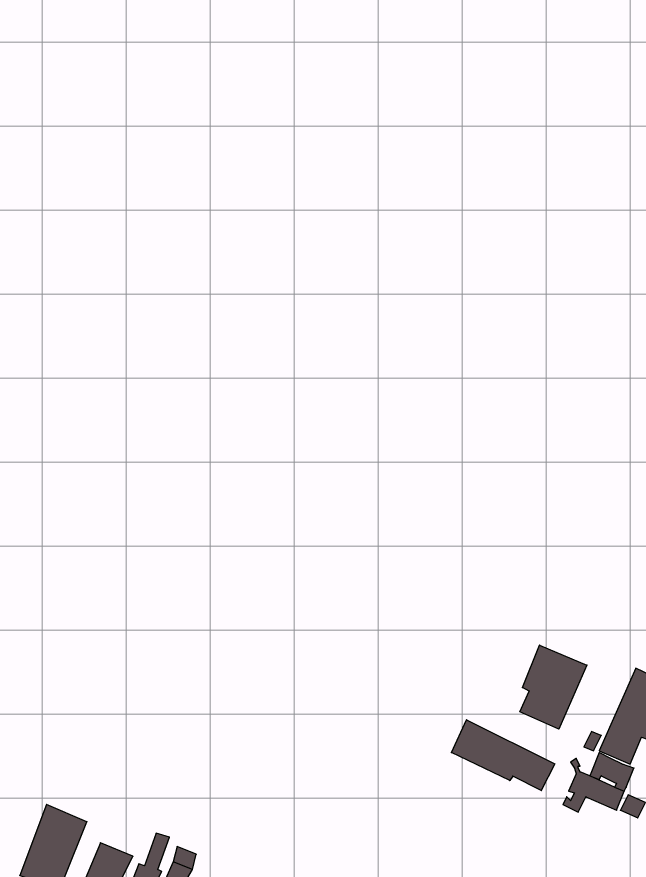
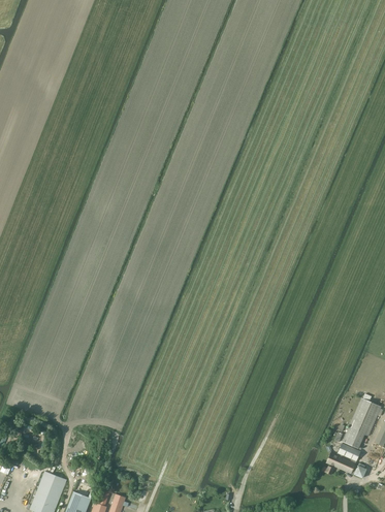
building: [520,645,587,729] -> none
building: [451,720,555,791] -> none

